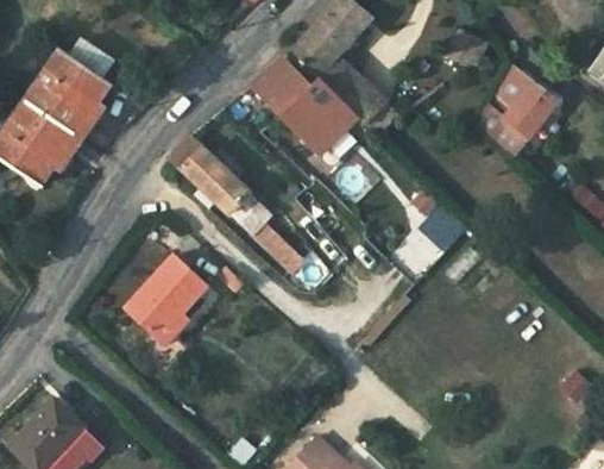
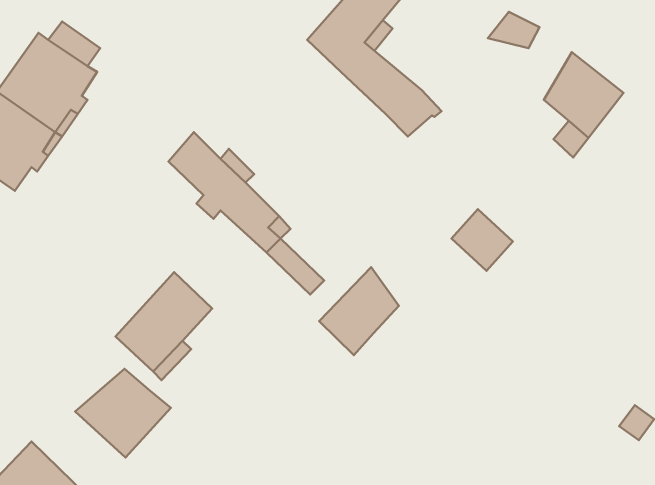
building: [253,60,354,161] -> none
building: none -> [319,267,399,355]
building: none -> [75,369,171,458]

